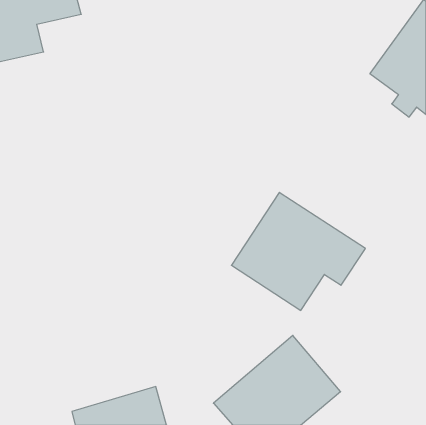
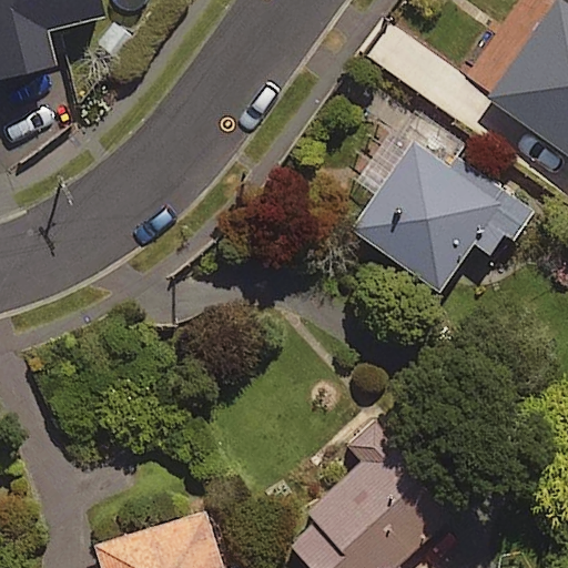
building: [231,192,365,310] -> [351,135,528,292]

